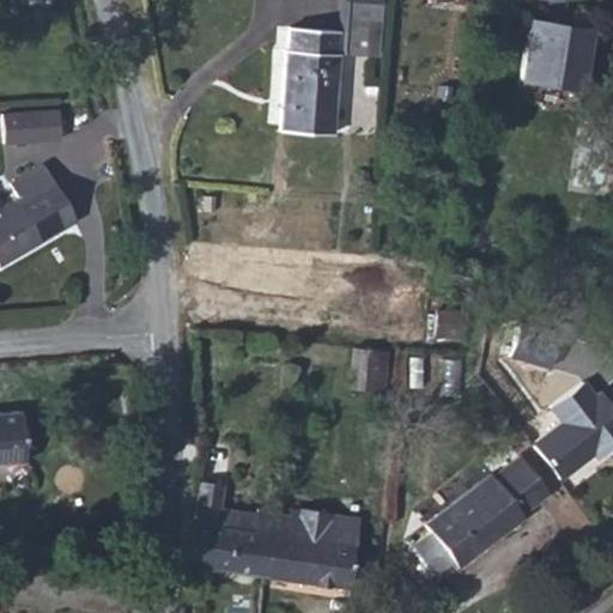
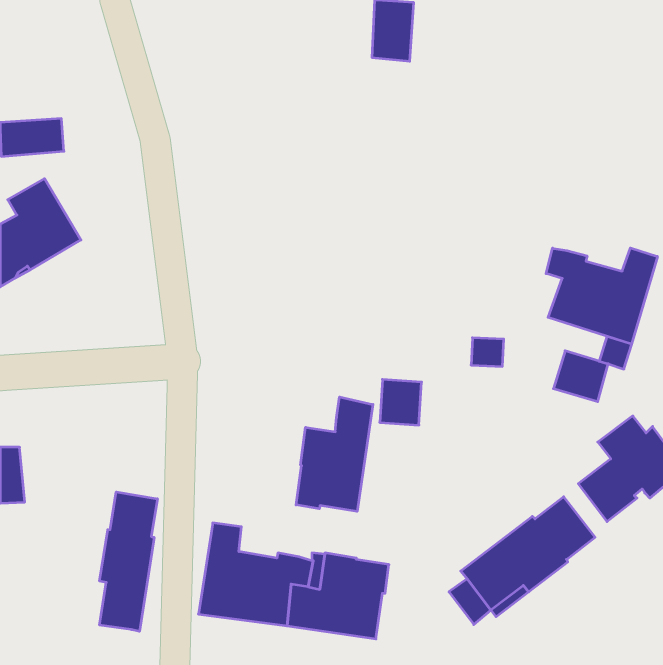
building: [523,22,593,90] -> none
building: [281,28,341,135] -> none
building: none -> [546,248,657,344]
building: none -> [296,397,373,511]
building: none -> [100,492,157,631]

